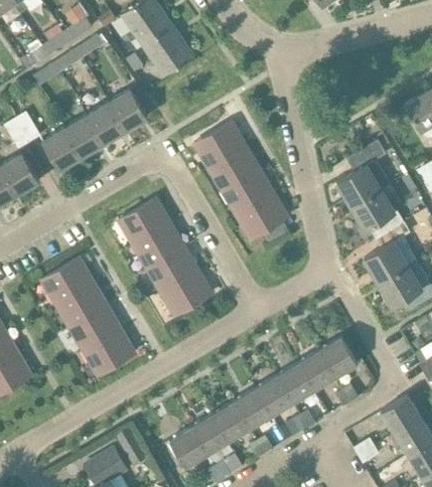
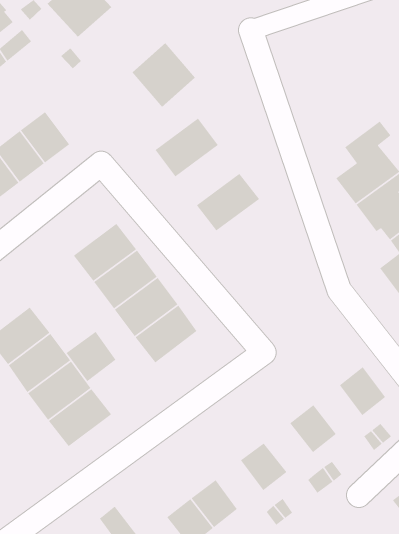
building: [142,24,193,76] -> [131,42,196,108]
building: [109,89,148,131] -> none
building: [207,145,260,191] -> none
building: [236,192,288,242] -> none
building: none -> [65,331,117,382]
building: [298,349,336,388] -> none
building: [255,375,293,415] -> none
building: [212,400,250,440] -> none

